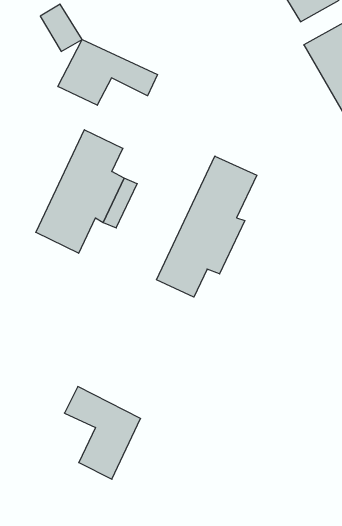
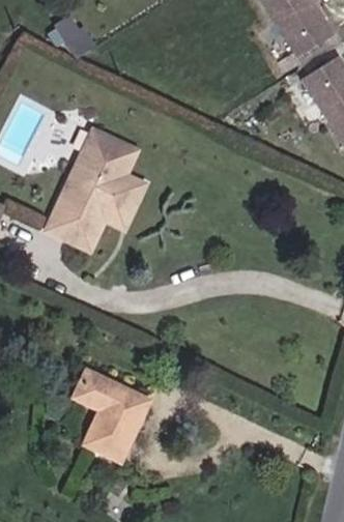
building: [58,39,158,105] -> none
building: [156,156,257,297] -> none

